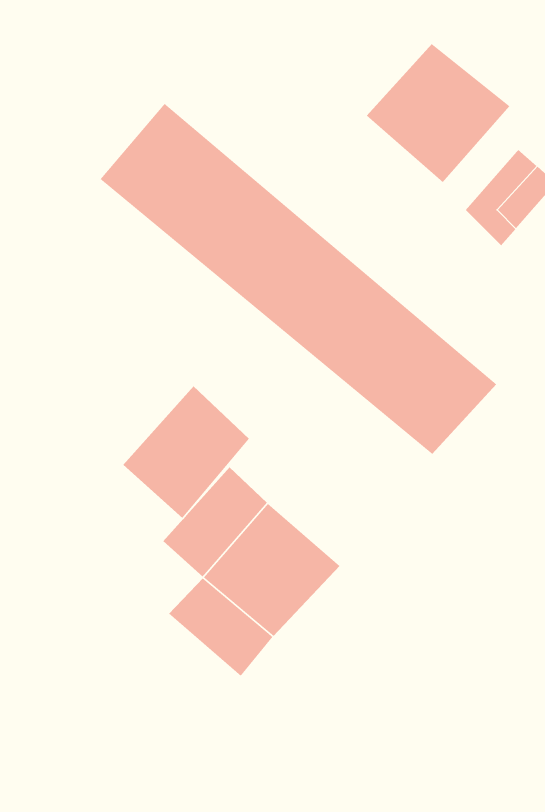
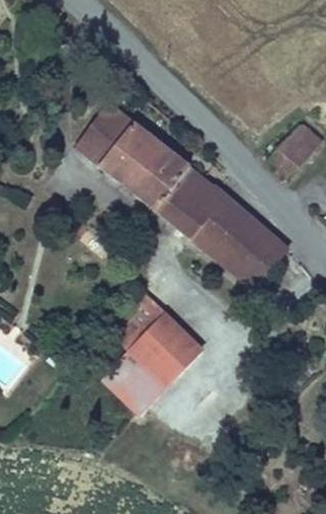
building: [366,43,510,183] -> none
building: [123,386,250,519] -> none

